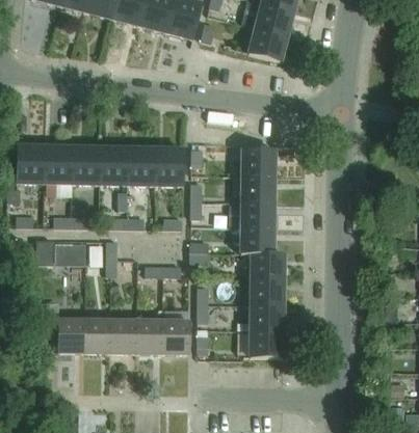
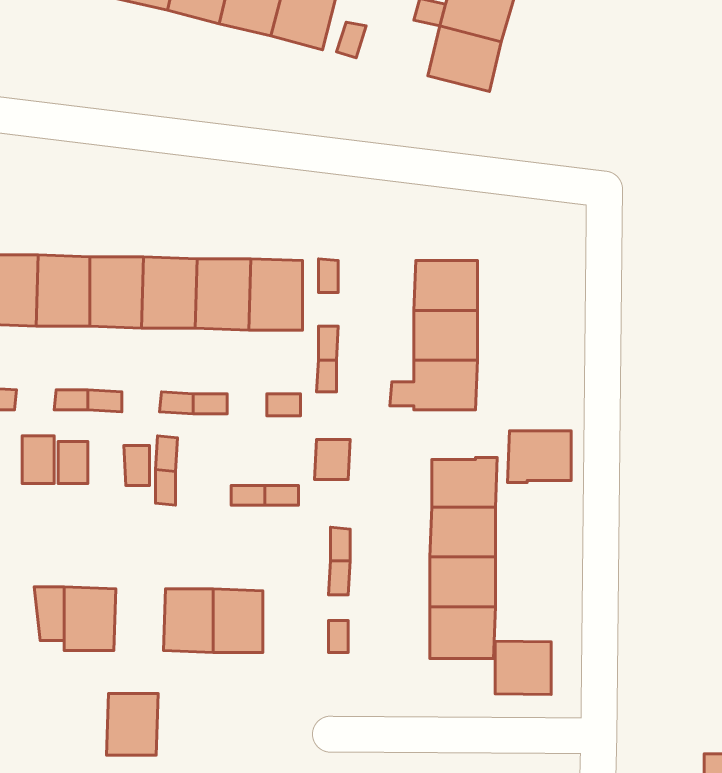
building: [239,227,272,254] -> [507,431,571,483]
building: [161,314,188,354] -> none
building: [83,321,110,353] -> [107,693,158,755]
building: none -> [495,641,551,694]

